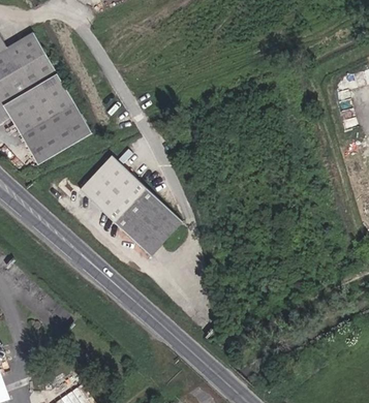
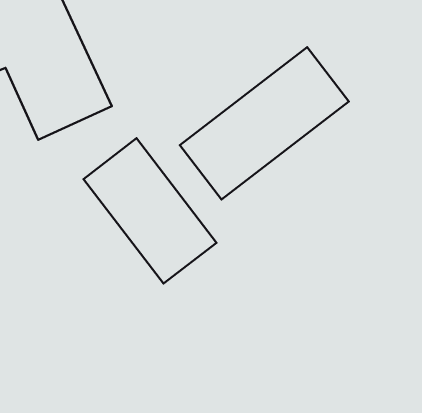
building: none -> [180,47,349,199]

